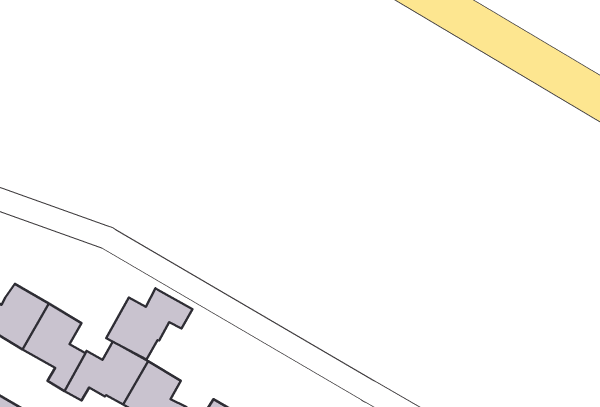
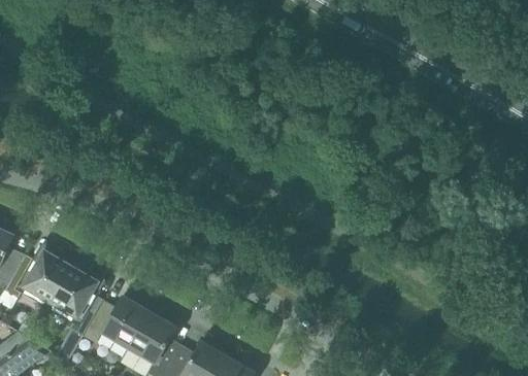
building: [106,288,193,360] -> none

